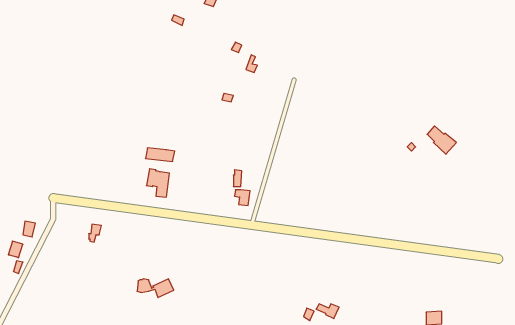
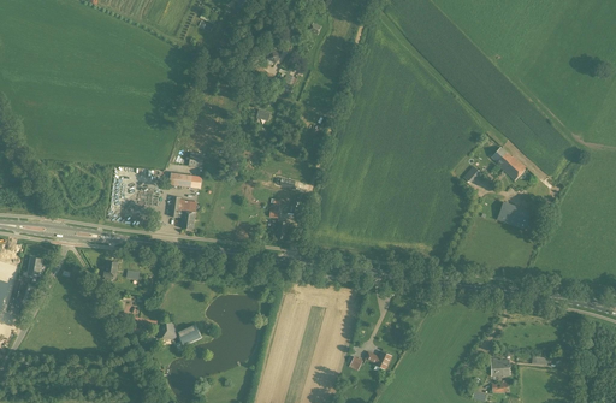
building: none -> [497,201,532,230]

